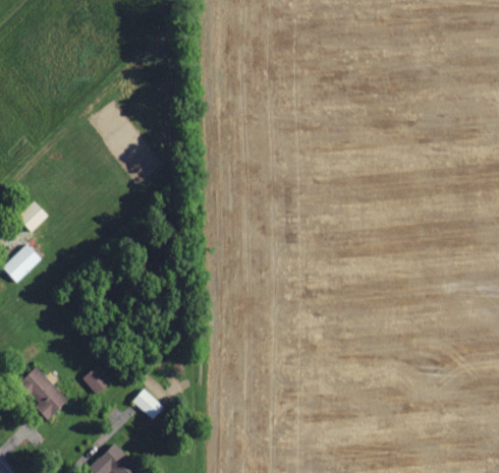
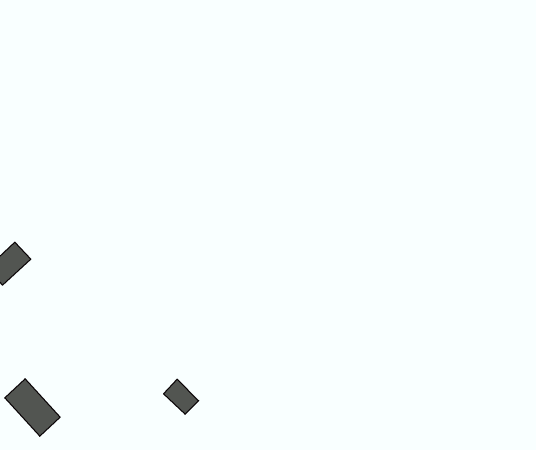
building: [82,366,110,394] -> none
building: [132,388,164,419] -> [164,379,199,414]

